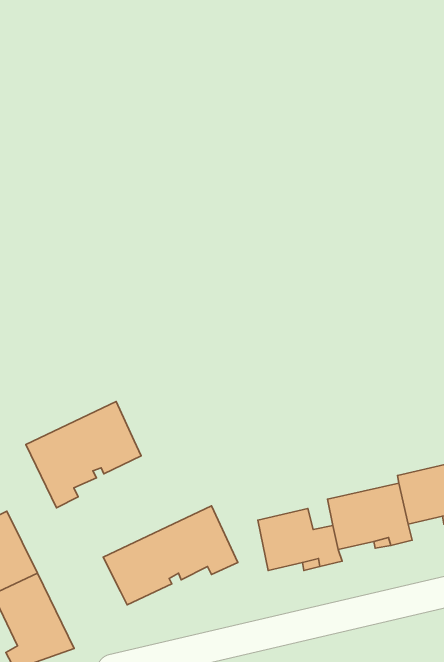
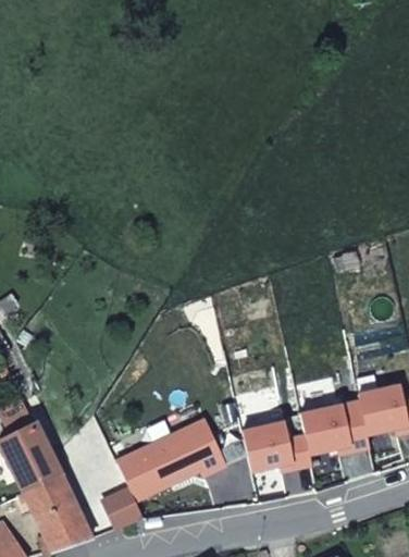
building: [26,401,141,508] -> none
building: none -> [102,490,142,530]

